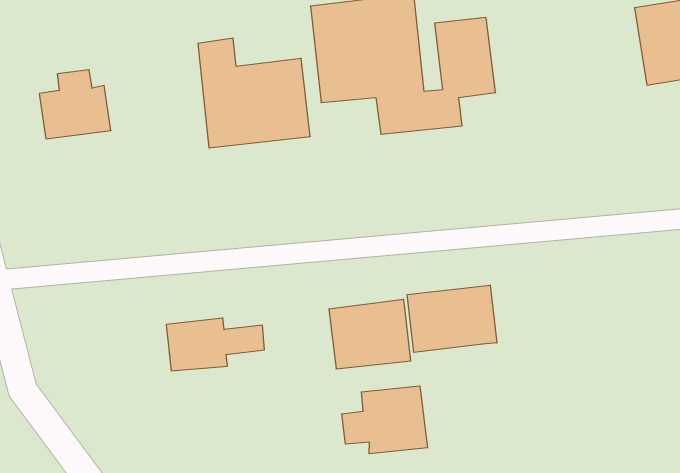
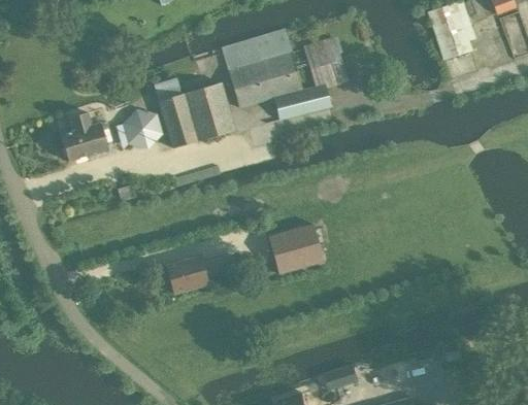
building: none -> [122,108,163,149]
building: [407,285,497,352] -> none
building: [342,386,428,454] -> none

